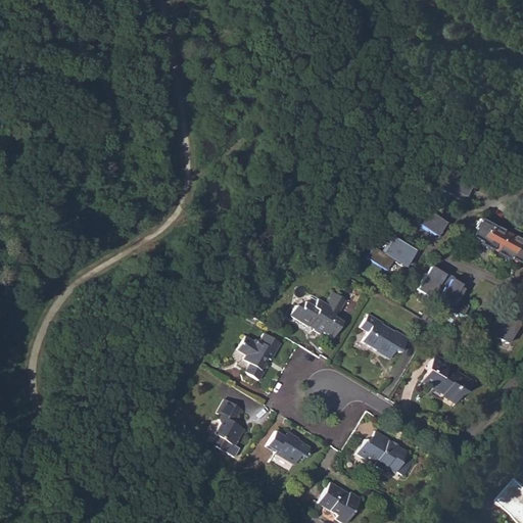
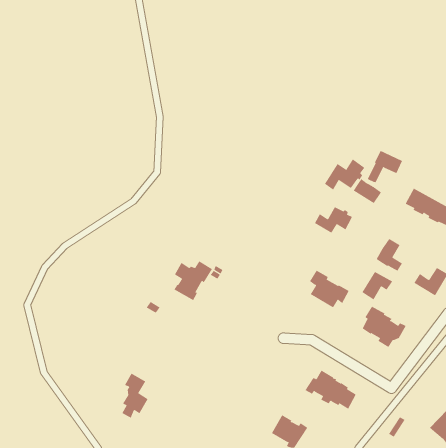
building: none -> [324,158,365,191]
building: [419,265,456,298] -> [361,271,393,300]
building: [292,291,348,336] -> none
building: [236,332,282,379] -> [173,260,213,301]
building: [215,397,246,450] -> [121,373,149,419]
building: [269,430,312,471] -> none

